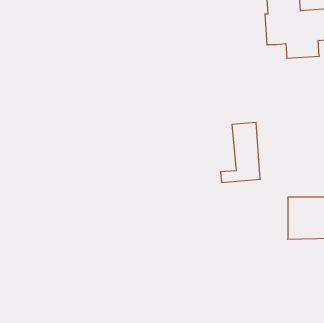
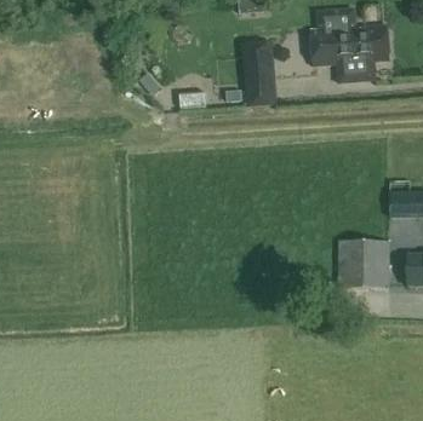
building: [220,122,260,182] -> [230,40,276,109]

